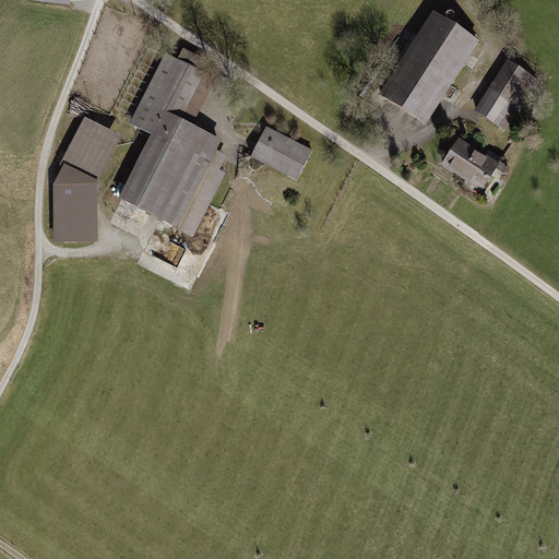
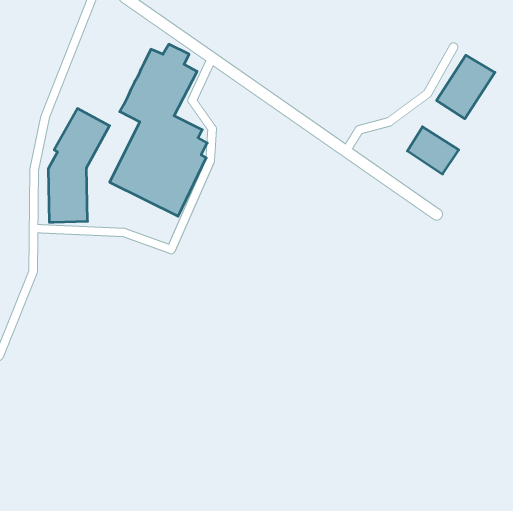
building: [381,13,477,122] -> none
building: [251,126,310,178] -> none

